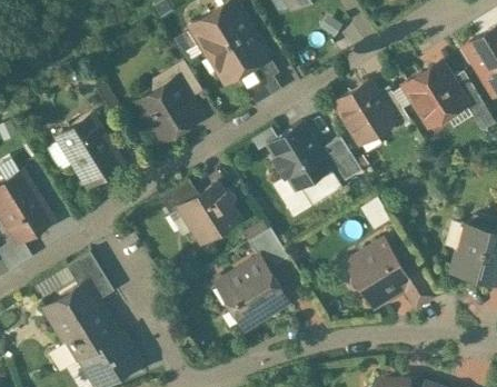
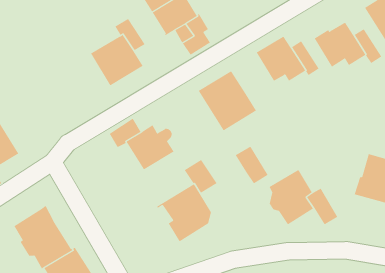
building: [54,117,121,188] -> none
building: [321,140,361,186] -> [235,146,269,184]
building: [64,254,112,304] -> none

